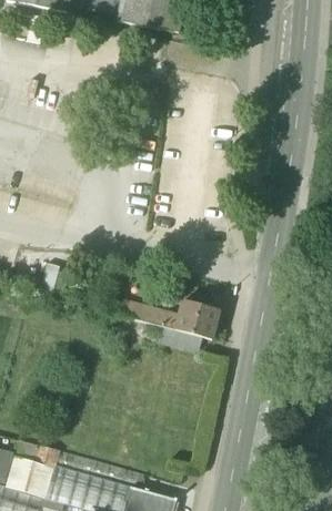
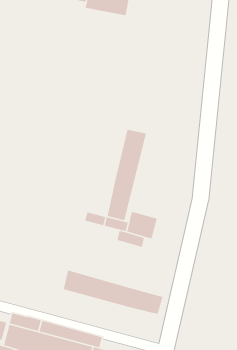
building: none -> [107,129,147,221]
building: none -> [63,270,163,315]

